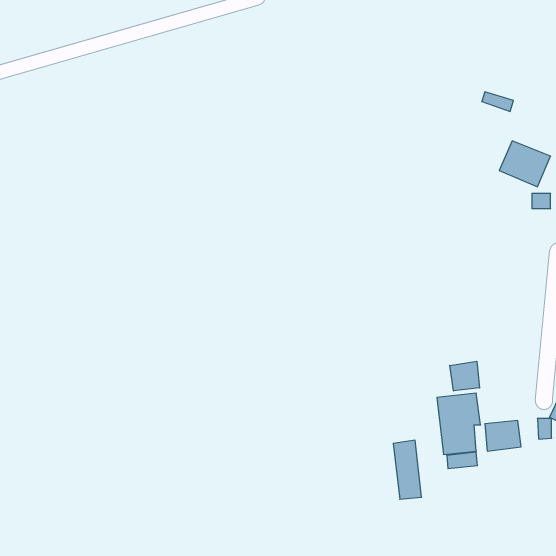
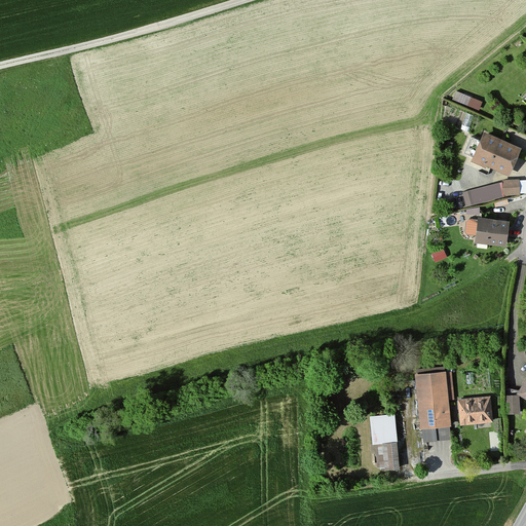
building: none -> [463,184,503,208]
building: none -> [474,218,509,247]
building: [450,361,480,391] -> none

